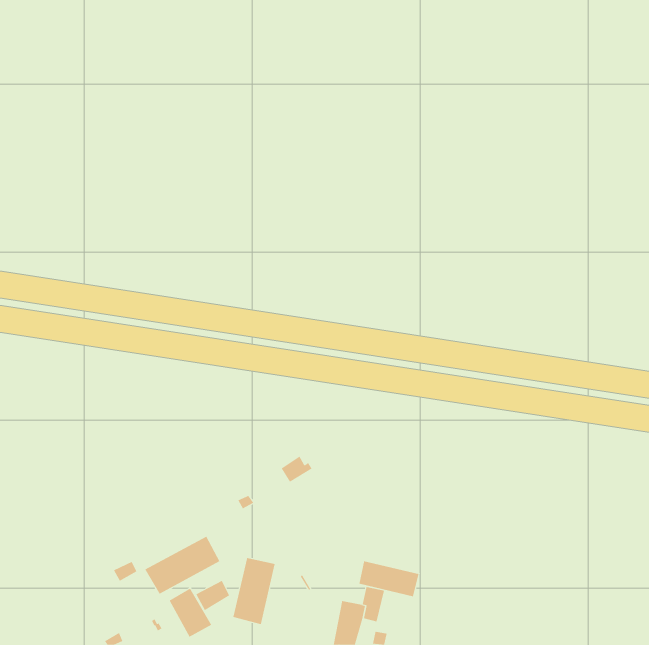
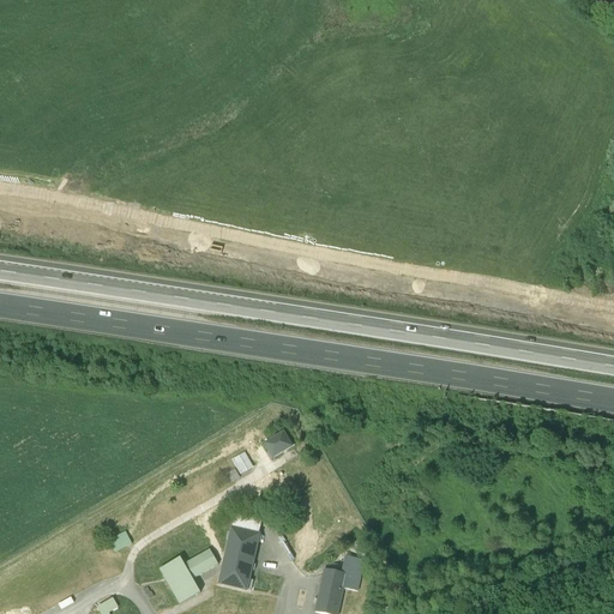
building: [145,536,220,595] -> none
building: [359,560,419,597] -> none

